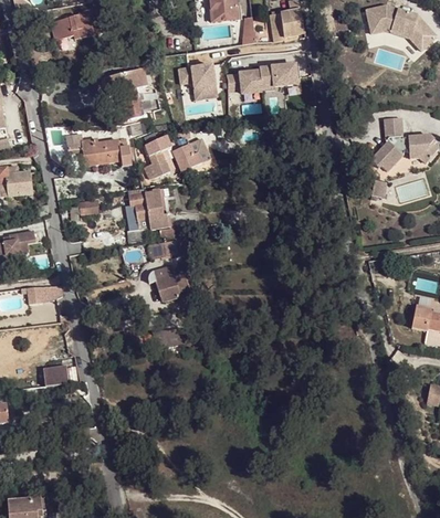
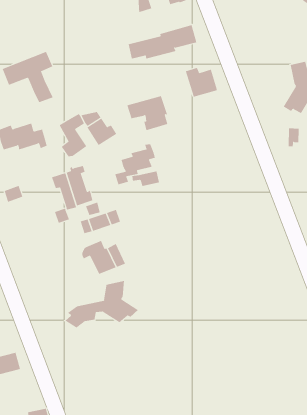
building: [185,63,224,96] -> [127,95,168,131]
building: none -> [185,67,217,98]
building: none -> [114,144,156,185]
building: none -> [64,280,139,328]

